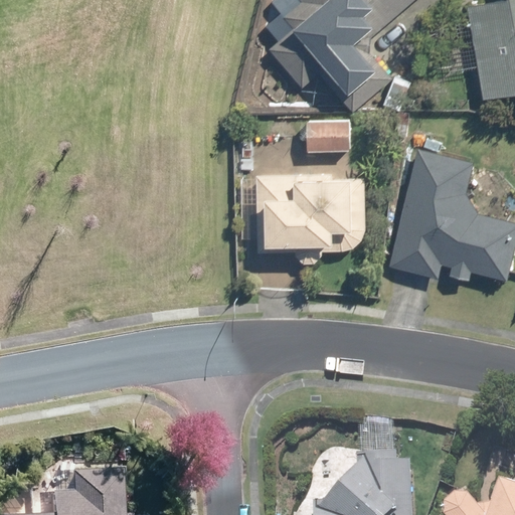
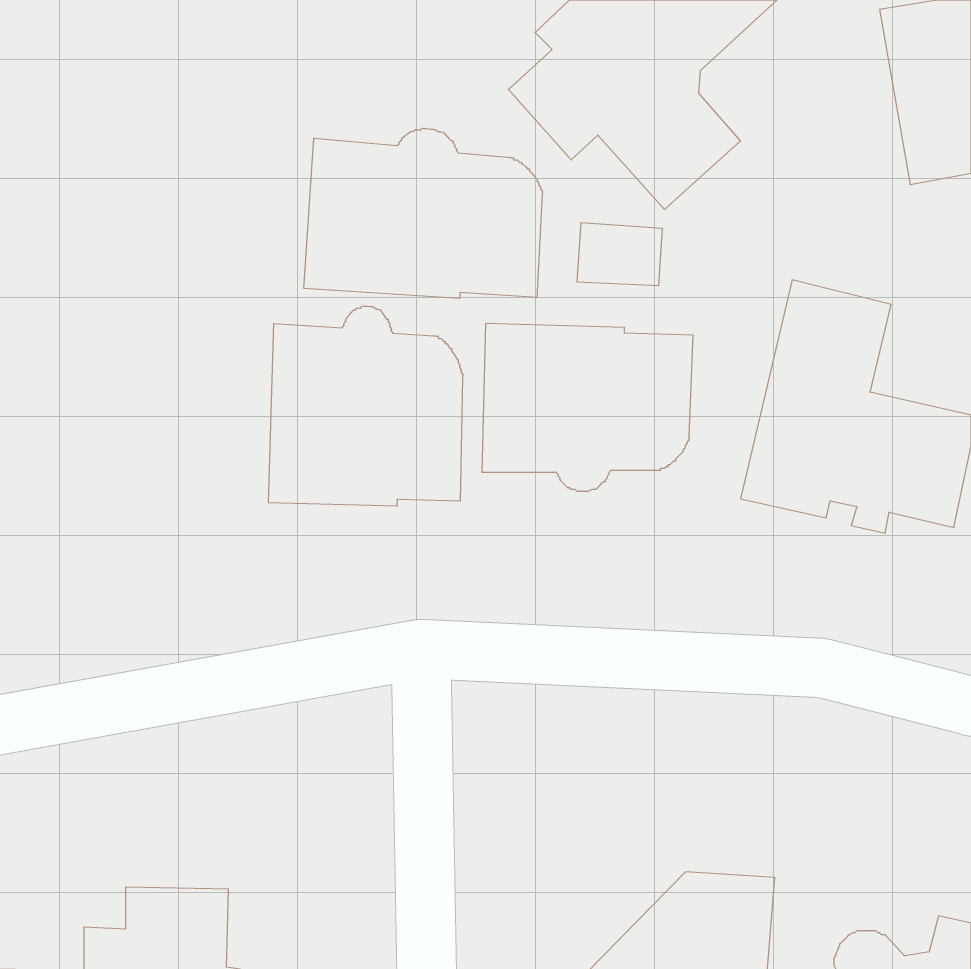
building: none -> [304,128,543,298]
building: none -> [269,306,463,506]

